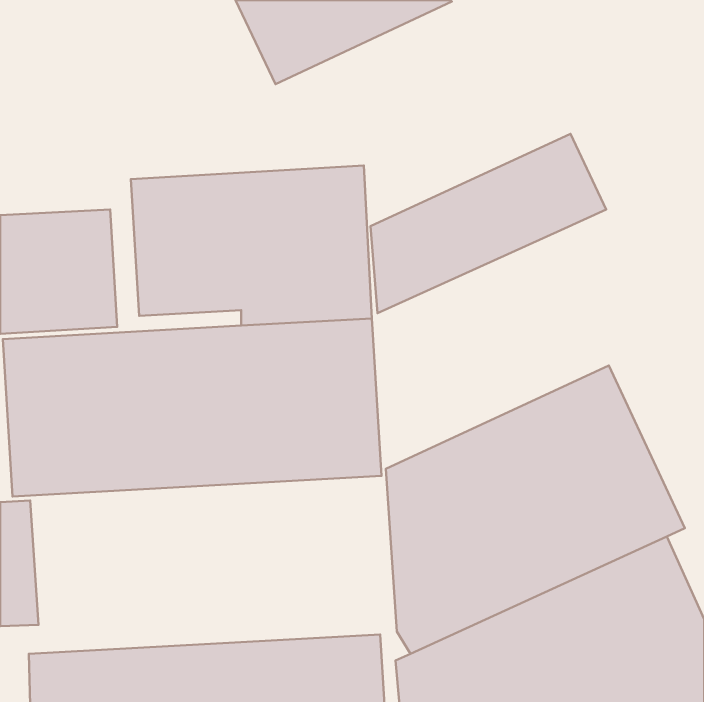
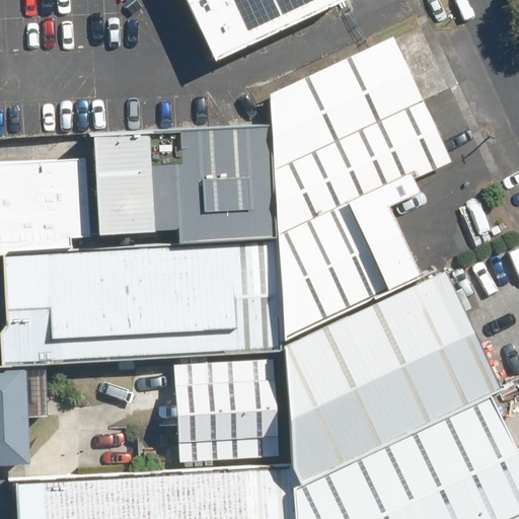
building: none -> [267,38,420,168]
building: none -> [278,171,427,341]
building: none -> [172,359,278,462]

